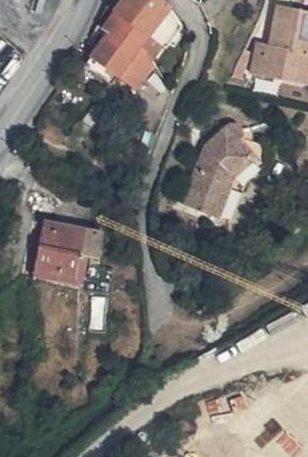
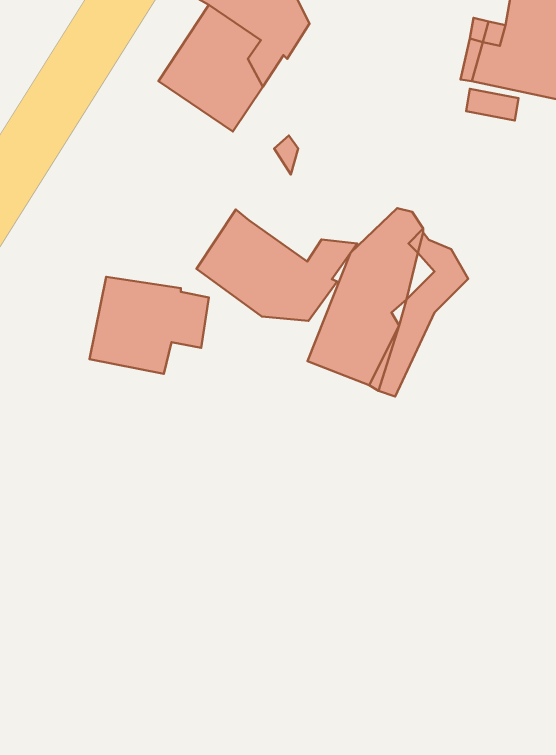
building: none -> [197,209,357,321]
building: [29,224,93,276] -> [89,277,209,374]

